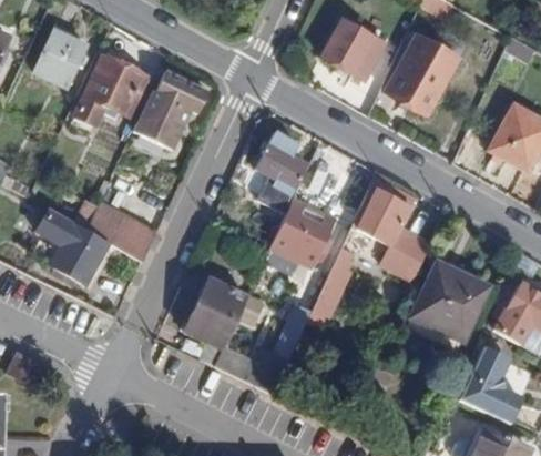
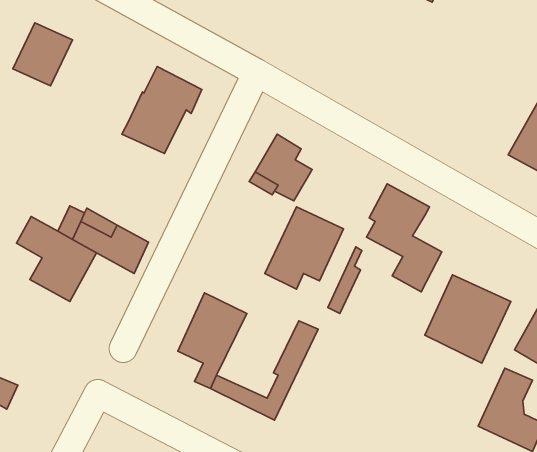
building: [321,20,387,82] -> none
building: [387,36,461,116] -> none
building: [74,54,159,126] -> none

